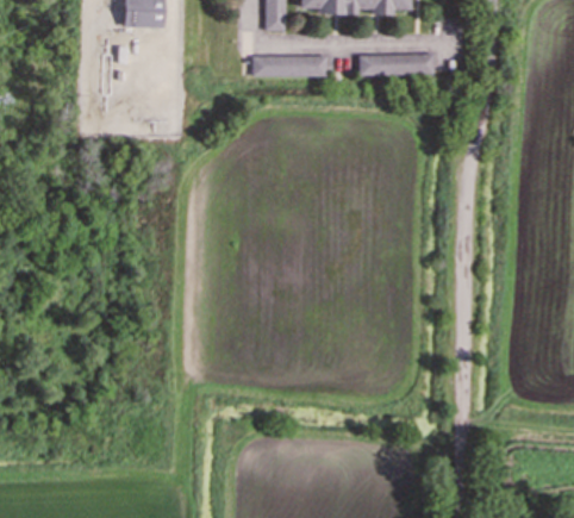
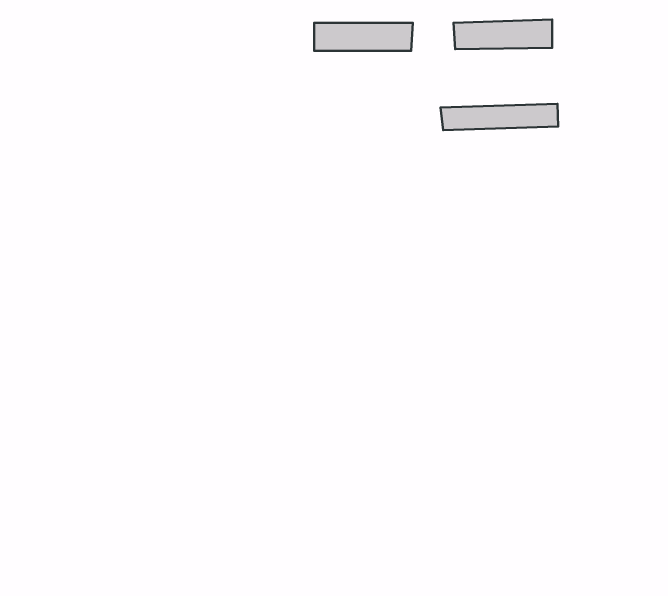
building: none -> [441,104,558,130]

